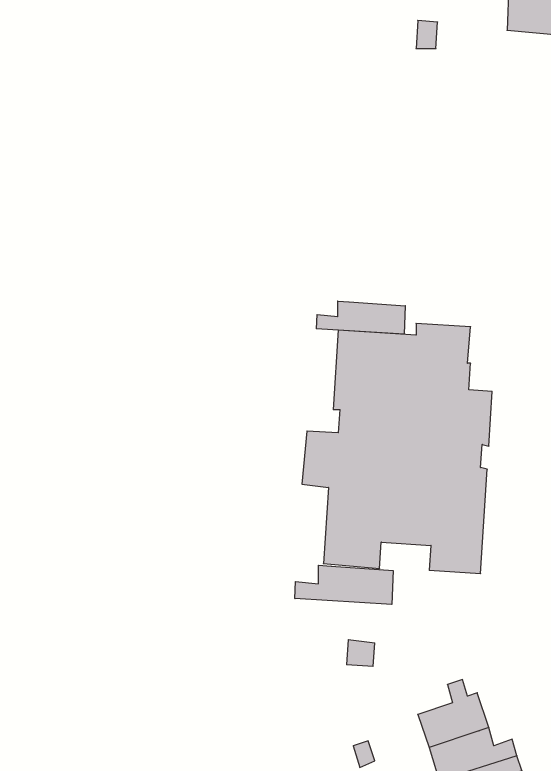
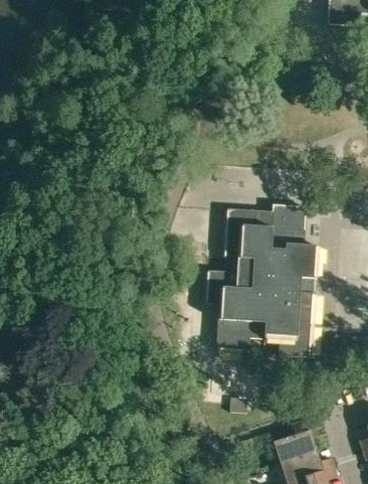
building: [316,301,405,334] -> none
building: [295,565,393,604] -> none

